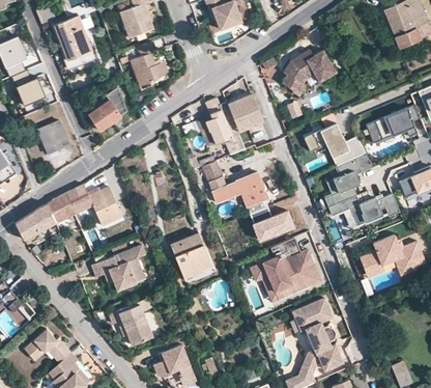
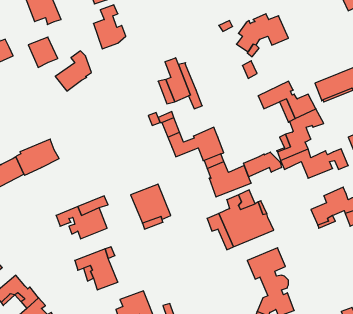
building: [227,94,264,132] -> none
building: [37,121,68,154] -> [28,37,58,67]
building: [88,186,122,226] -> none
building: none -> [244,152,281,177]

